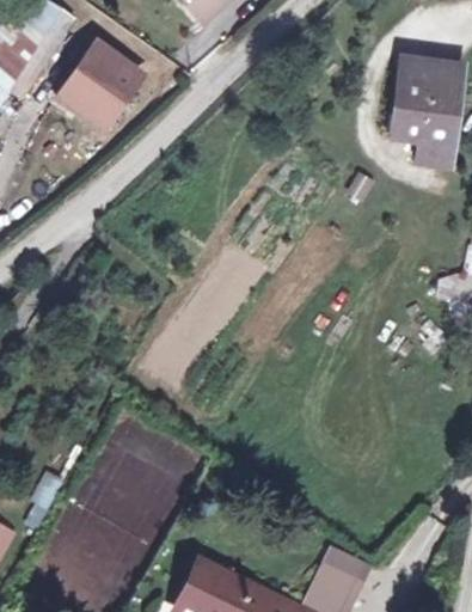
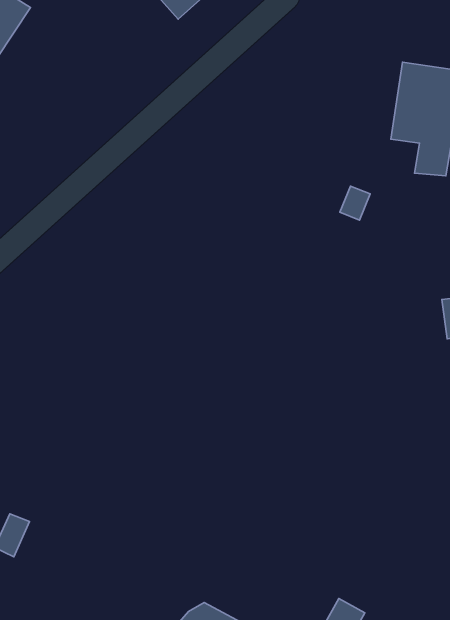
building: [59,44,133,121] -> none

